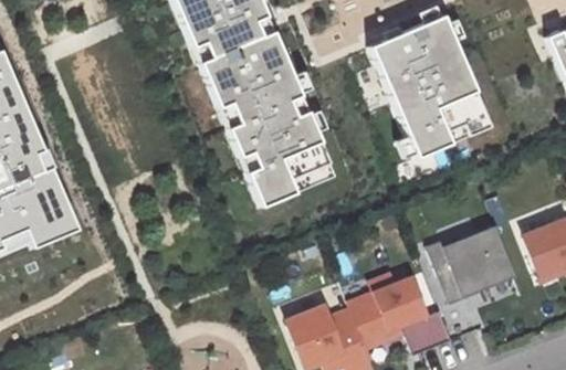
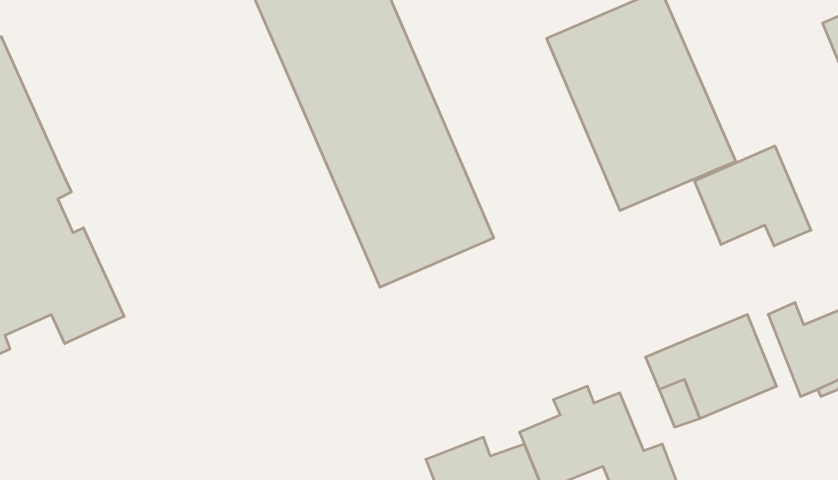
building: none -> [694,146,811,246]

